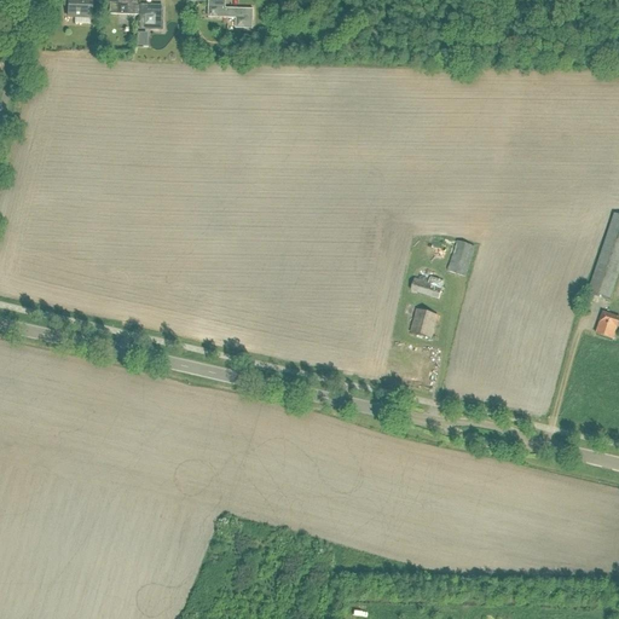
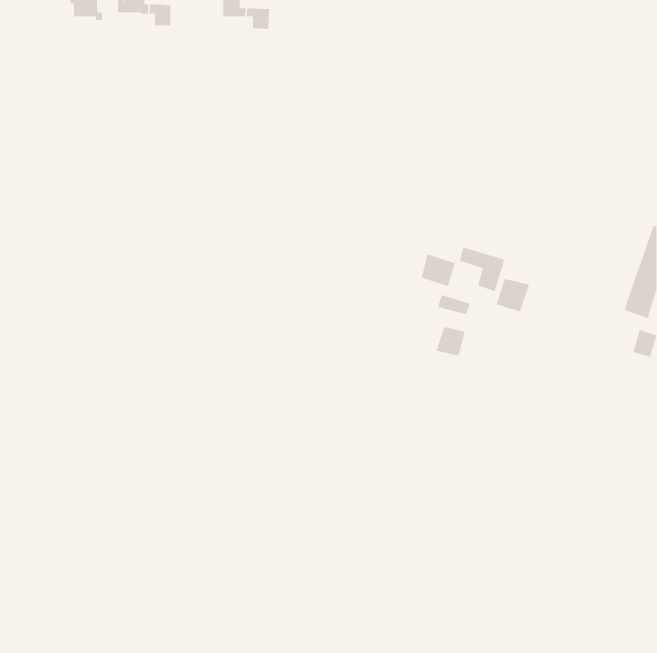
building: none -> [421,253,456,287]
building: none -> [496,278,530,312]

